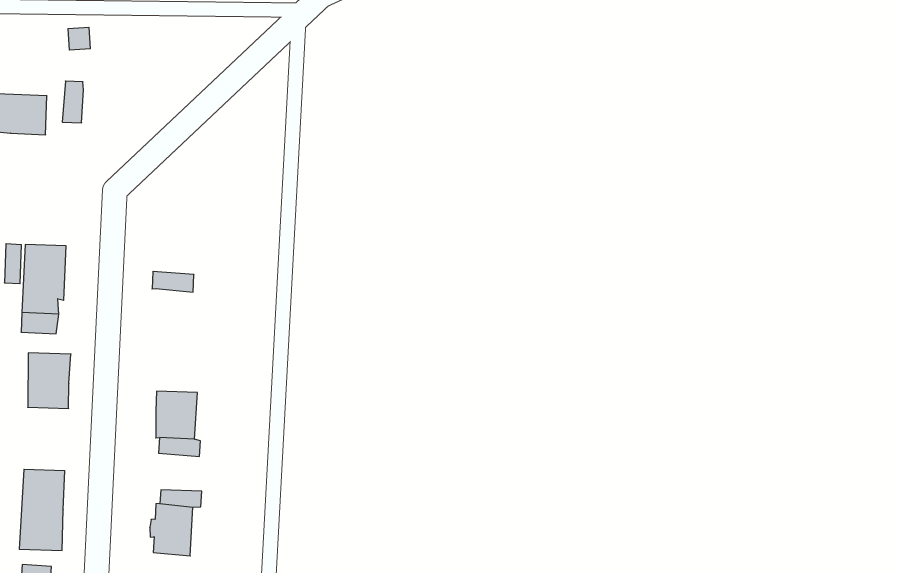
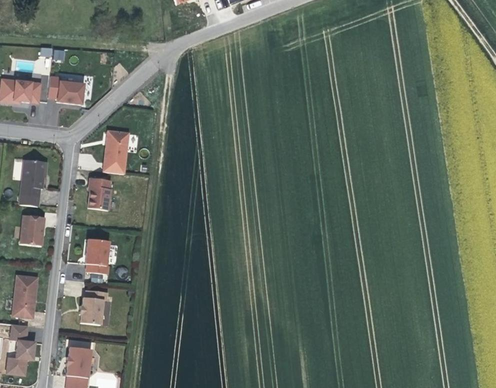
building: none -> [57,81,84,104]
building: none -> [103,131,129,174]
building: none -> [88,186,112,210]

